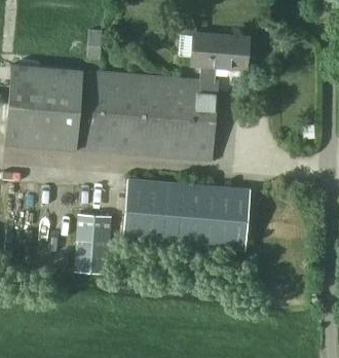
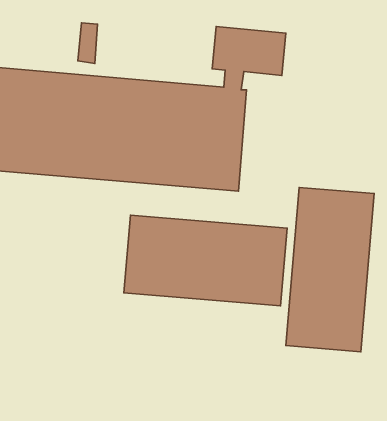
building: none -> [286,187,374,352]
building: [77,213,112,274] -> none

